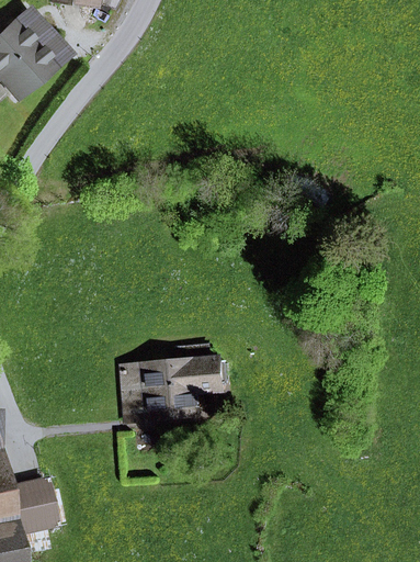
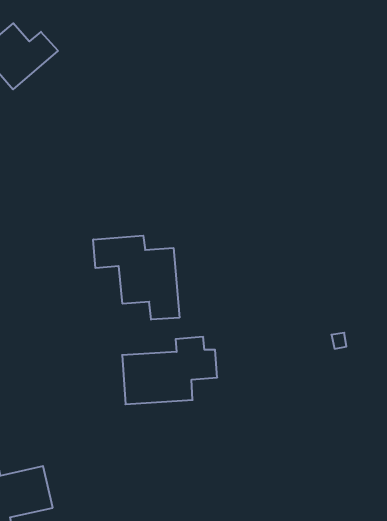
building: none -> [93,236,179,320]

